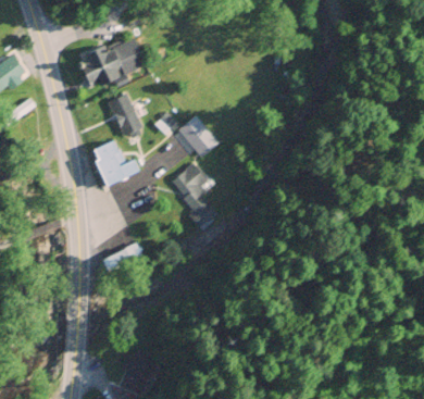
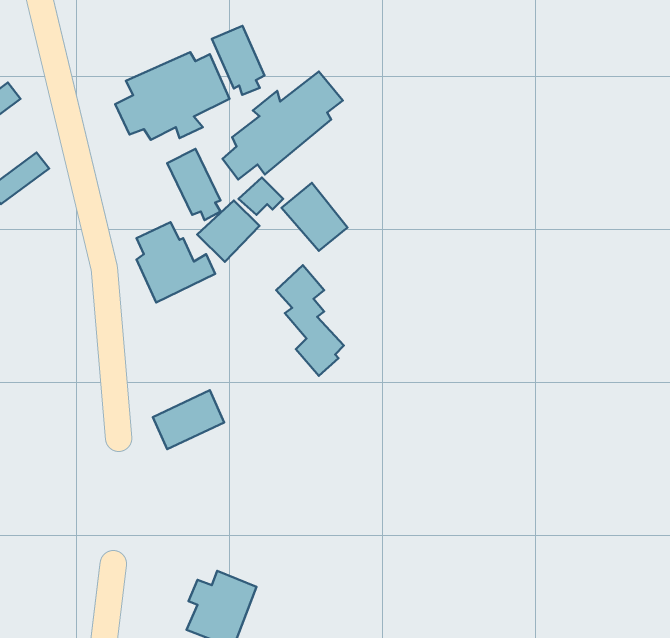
building: none -> [212,26,265,95]
building: none -> [223,72,343,179]
building: none -> [197,200,260,262]

